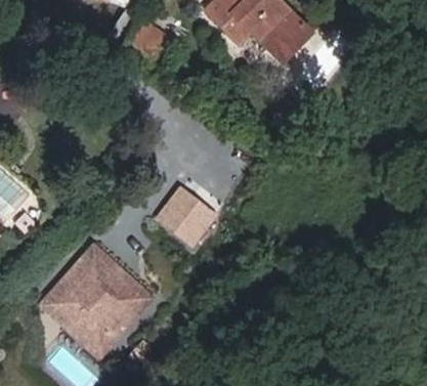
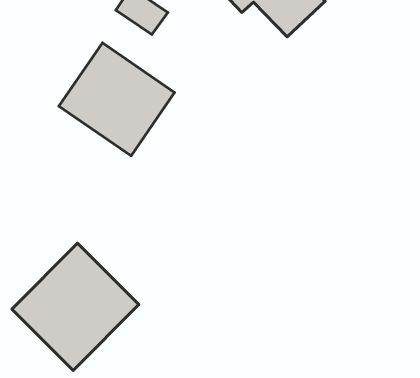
building: none -> [59,43,175,156]
building: [163,189,209,234] -> none

